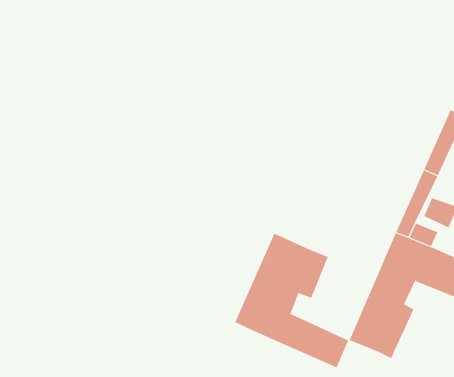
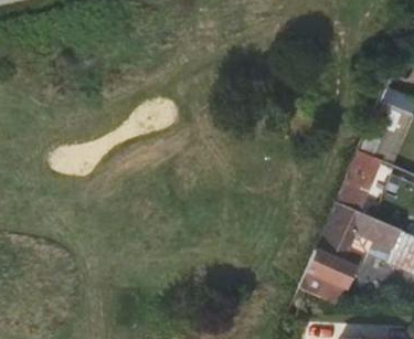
building: [234,233,349,368] -> none

